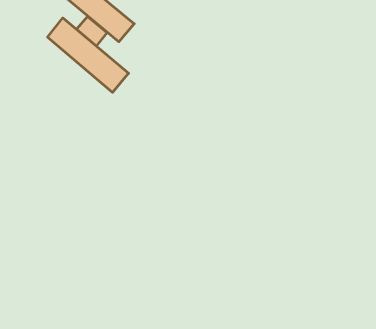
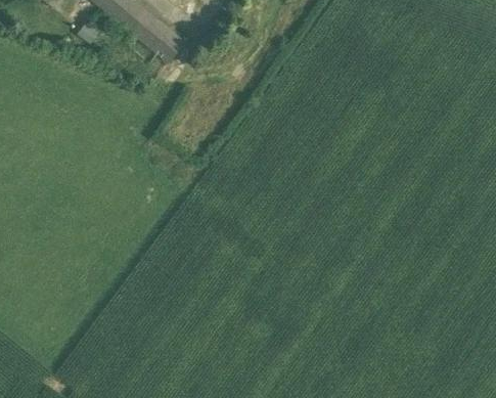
building: [48,18,129,92] -> none

